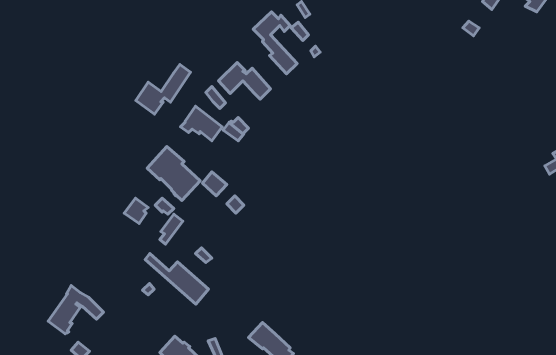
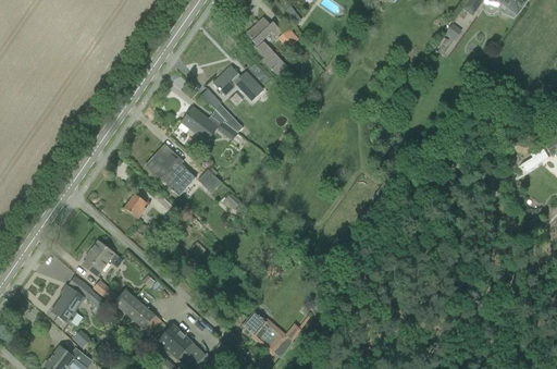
building: [136,65,190,114] -> none
building: none -> [83,241,114,275]
building: [145,254,208,304] -> [95,281,154,329]

